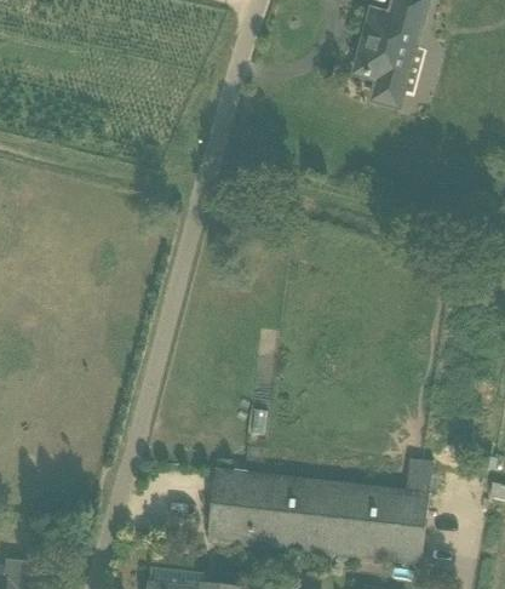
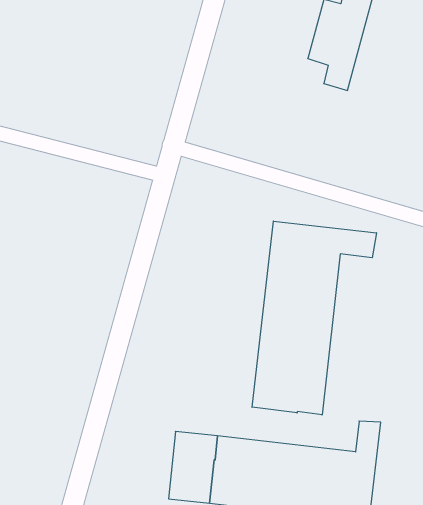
building: none -> [252,221,376,415]

